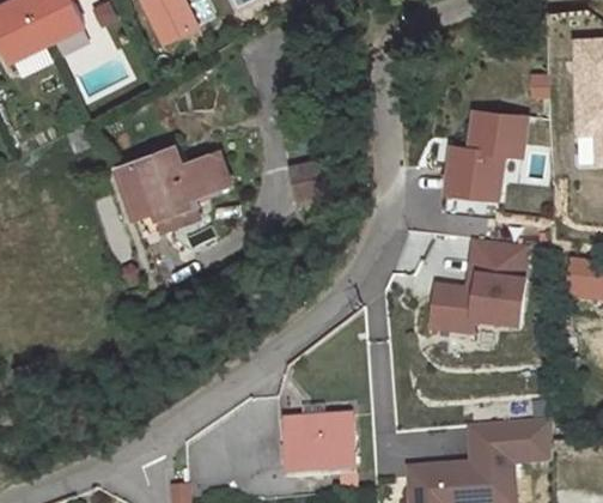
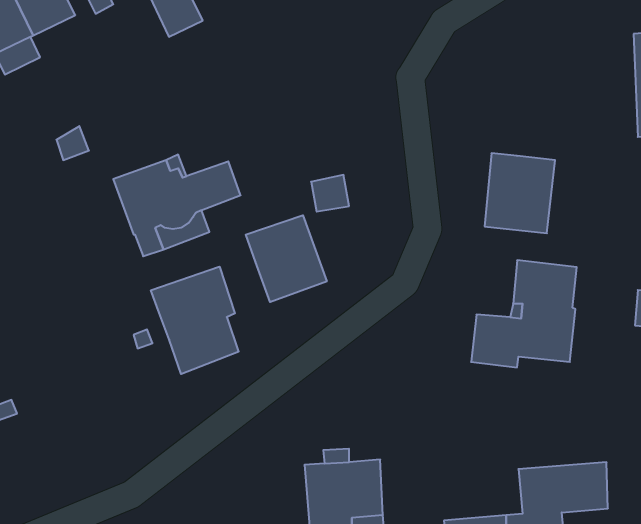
building: [471,110,524,151] -> none
building: none -> [246,215,327,302]
building: none -> [151,267,239,374]

